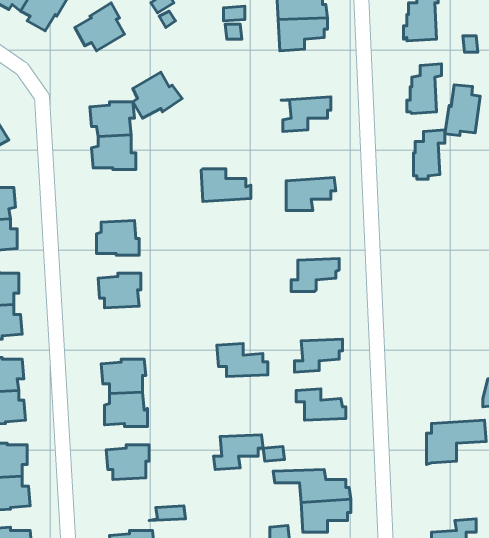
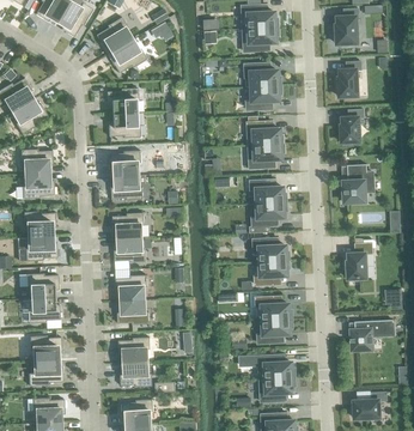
building: none -> [244,63,281,87]
building: [133,72,182,118] -> [111,40,147,73]
building: [445,85,480,136] -> none
building: [201,169,251,202] -> [248,122,284,146]
building: none -> [110,151,141,176]
building: none -> [343,164,373,204]
building: none -> [250,181,287,204]
building: none -> [114,237,146,262]
building: none -> [347,243,372,281]
building: [217,344,268,377] -> [252,238,290,262]
building: [214,435,263,470] -> [257,318,293,344]
building: none -> [120,362,152,387]

